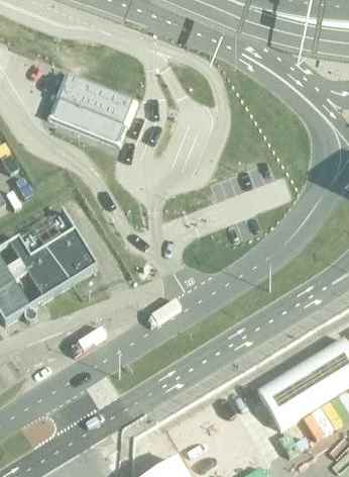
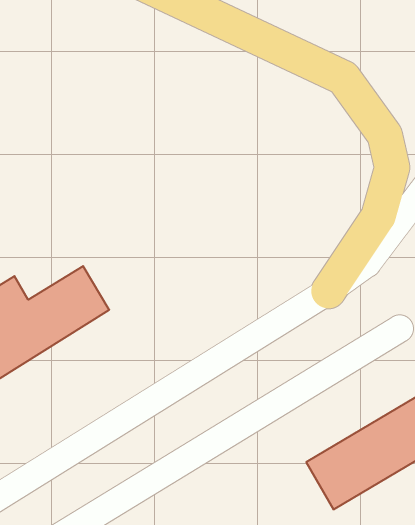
building: [51,76,133,146] -> none

